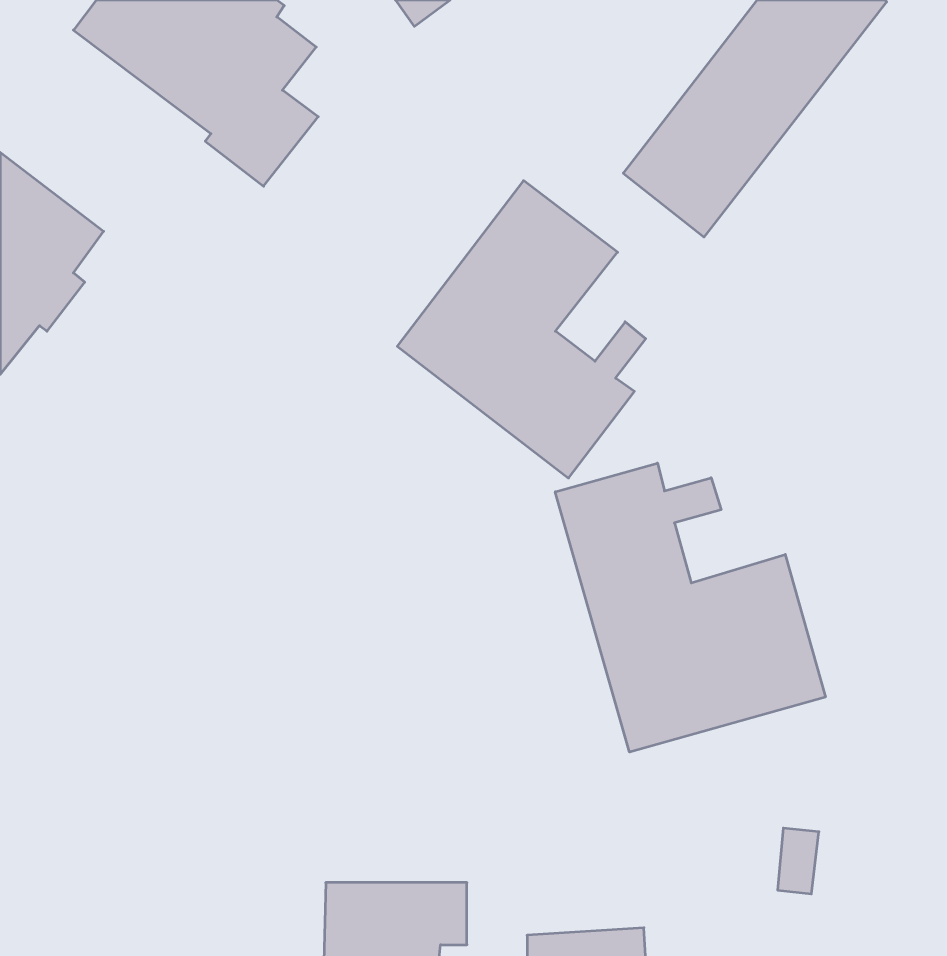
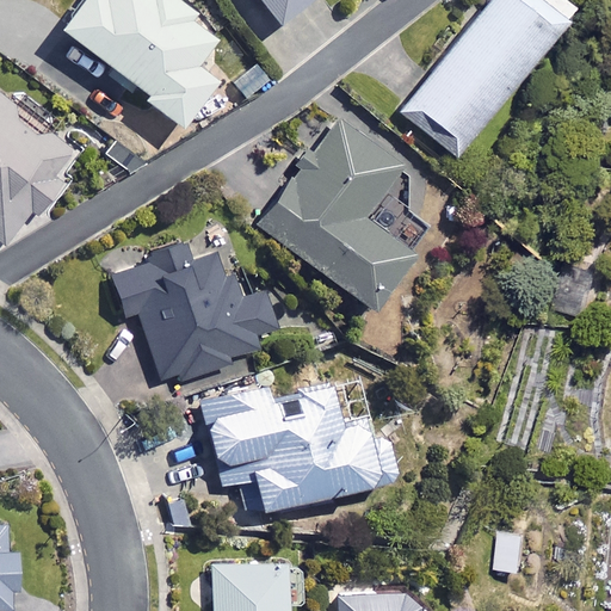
building: none -> [113,241,282,384]
building: [555,463,825,752] -> none
building: none -> [198,381,391,512]

